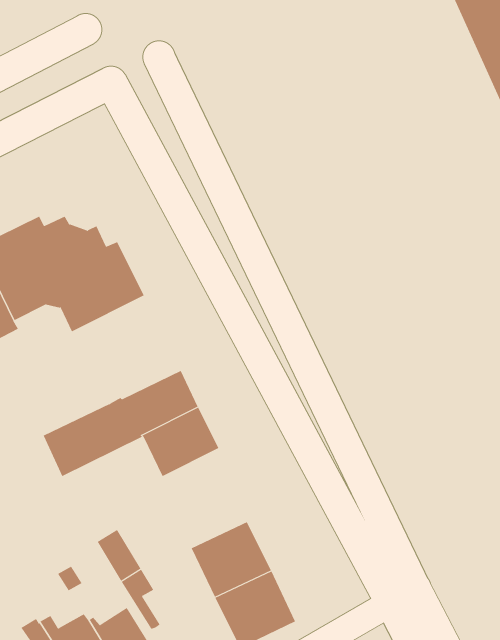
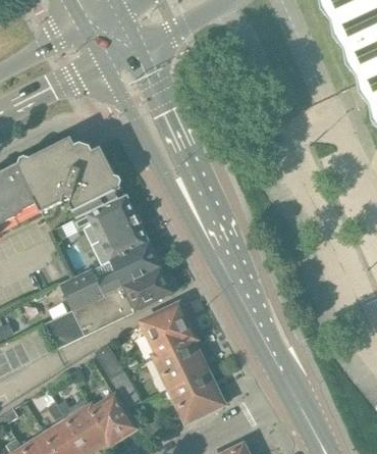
building: none -> [73,195,148,264]
building: none -> [45,286,136,350]
building: none -> [143,305,194,357]

